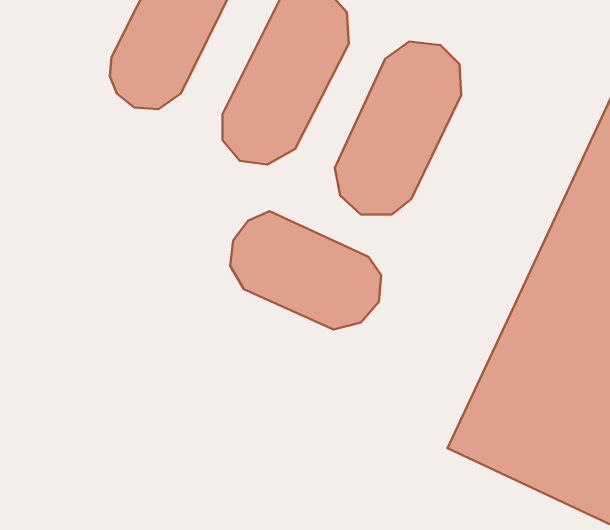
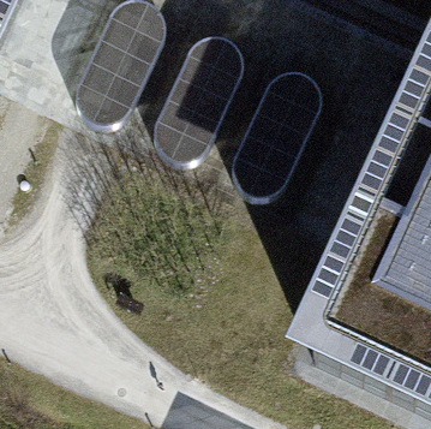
building: [230,211,381,330] -> none

